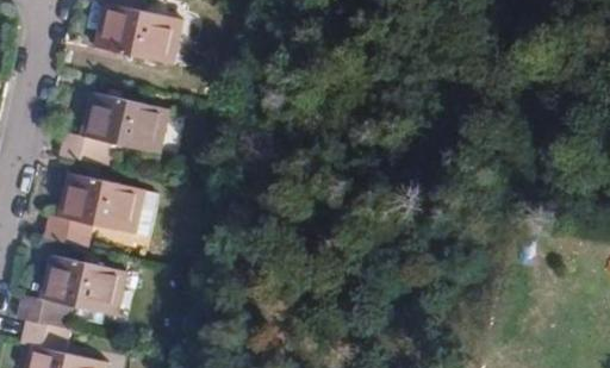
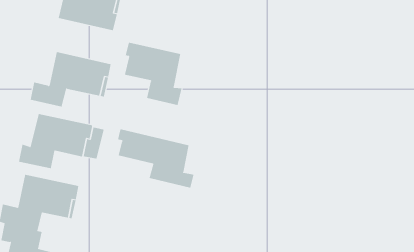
building: none -> [124,42,182,106]
building: none -> [117,128,194,188]

